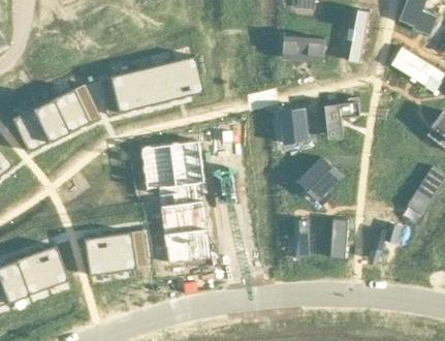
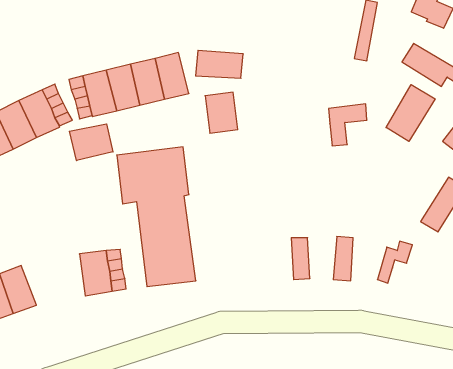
building: [282,35,324,60] -> [196,50,243,78]
building: none -> [386,85,435,141]
building: [279,107,308,144] -> [205,92,238,133]
building: none -> [69,124,113,161]
building: [298,158,340,199] -> none
building: [81,235,109,275] -> none

